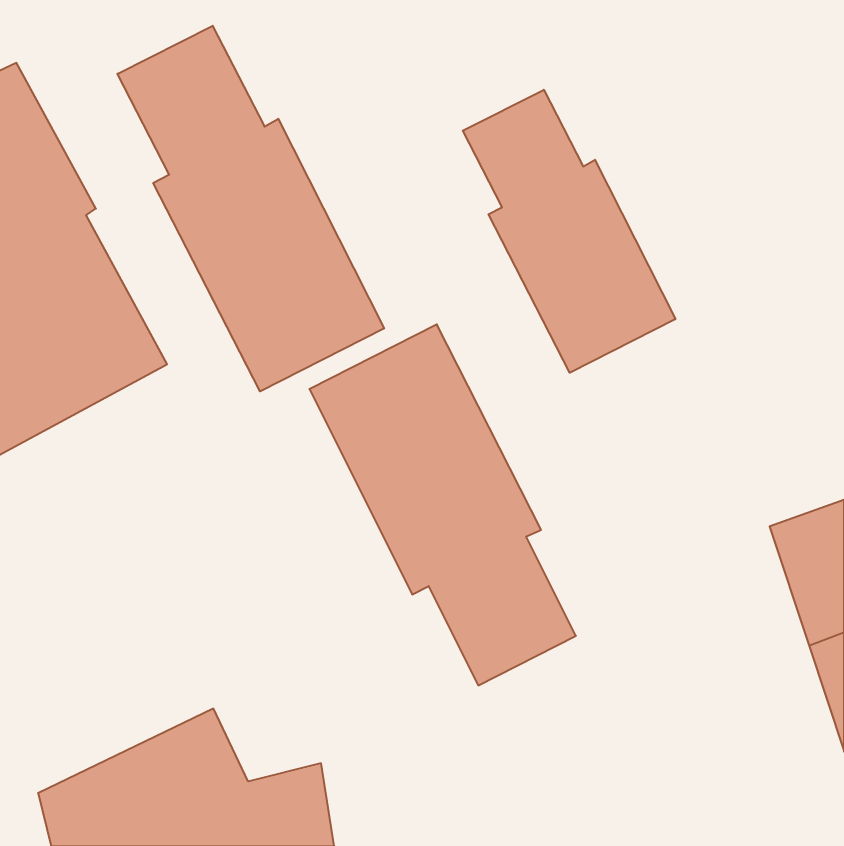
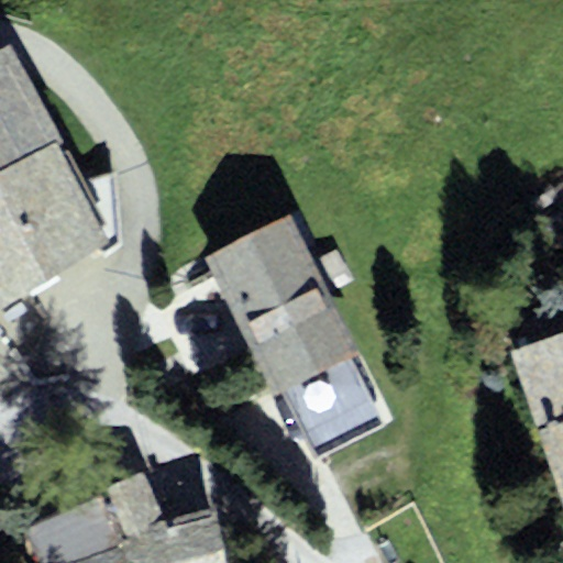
building: [117,26,384,391] -> none
building: [463,90,675,373] -> none

